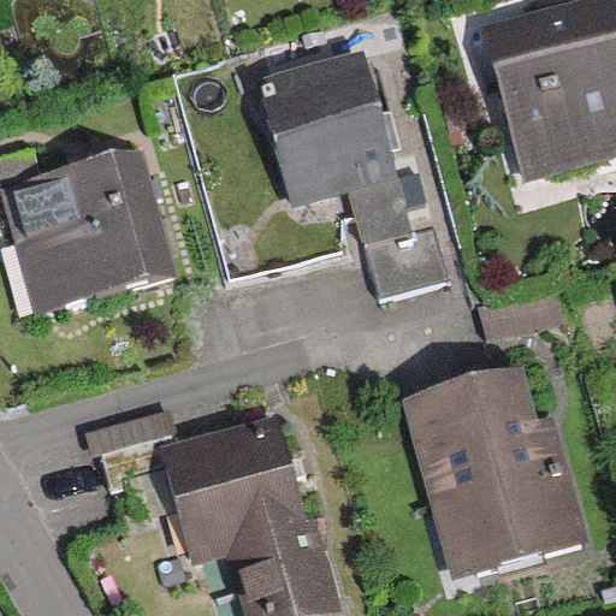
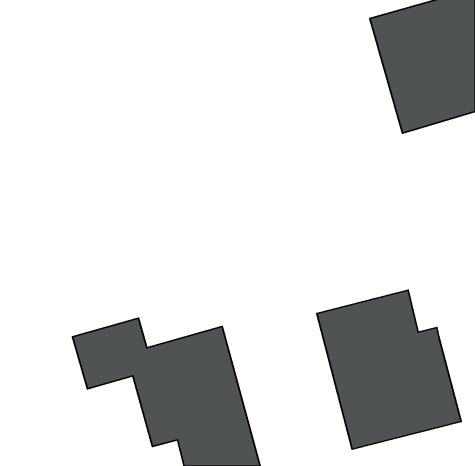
building: [256,59,448,289] -> none
building: [8,165,146,304] -> none

